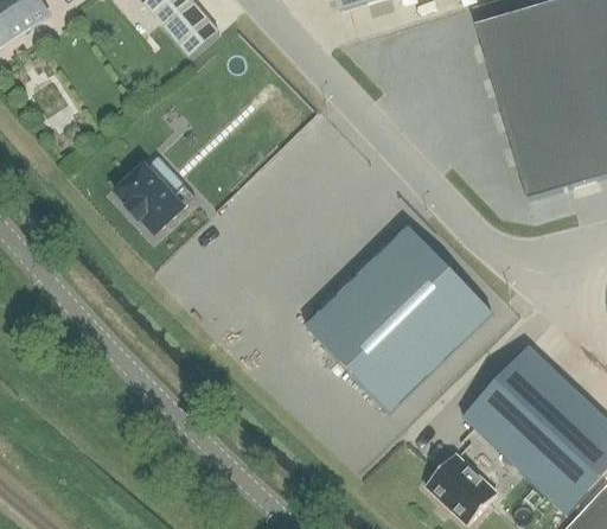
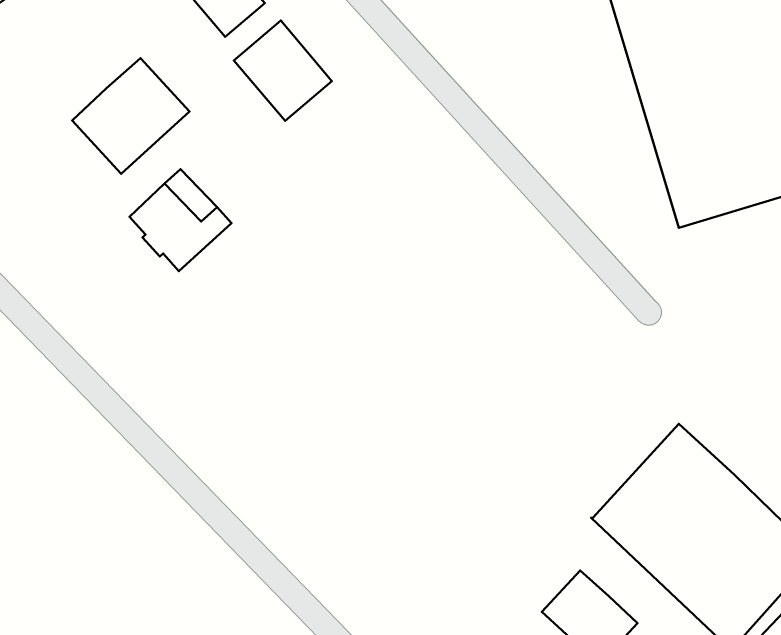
building: none -> [234,21,332,121]
building: none -> [72,58,190,174]
building: [306,227,490,412] -> none

